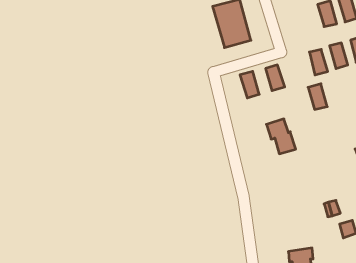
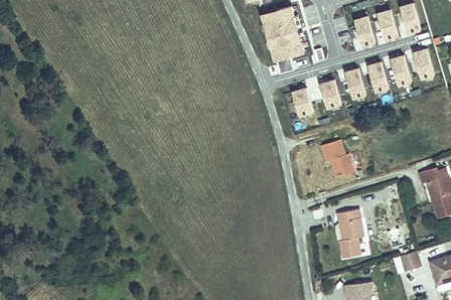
building: none -> [355,16,375,45]
building: [308,84,327,109] -> [345,68,366,97]
building: none -> [334,208,363,258]

